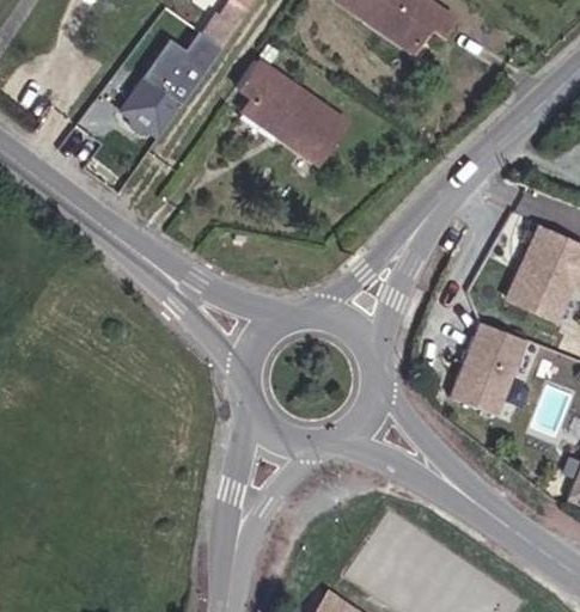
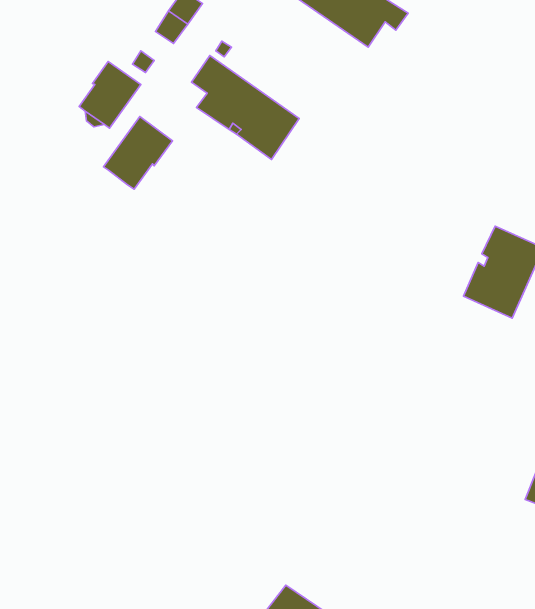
building: none -> [104,116,172,189]
building: [451,322,525,415] -> none

